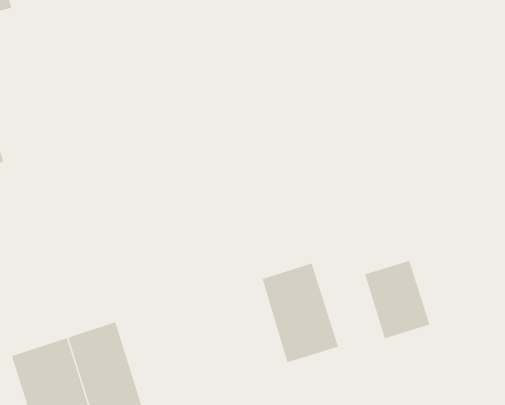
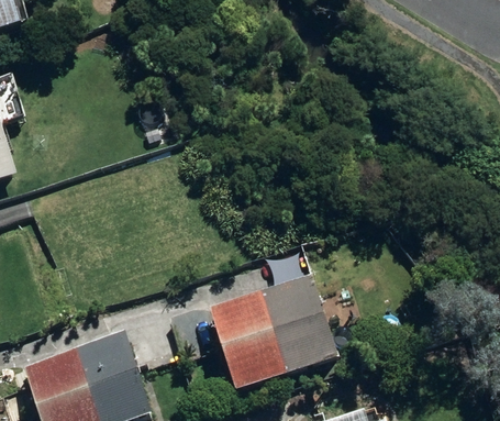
building: [364,260,430,339] -> none
building: none -> [210,289,288,386]

